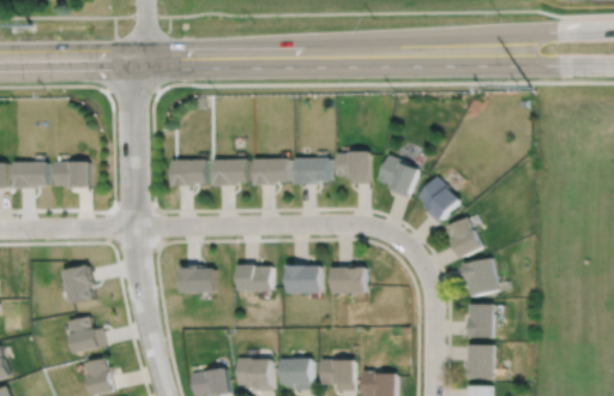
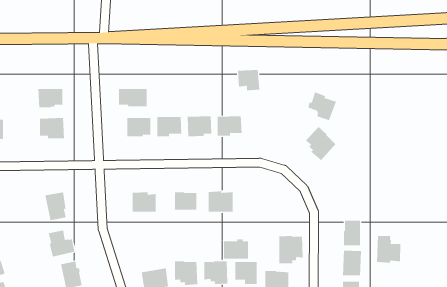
building: none -> [119,88,147,107]
building: [337,154,368,182] -> [237,70,260,91]
building: [377,156,416,196] -> [308,92,337,121]
building: [13,164,48,191] -> [38,88,63,108]
building: [445,215,481,256] -> none
building: [462,254,496,295] -> none
building: [330,263,365,290] -> [223,239,249,259]
building: none -> [376,235,401,263]
building: none -> [279,235,303,264]

